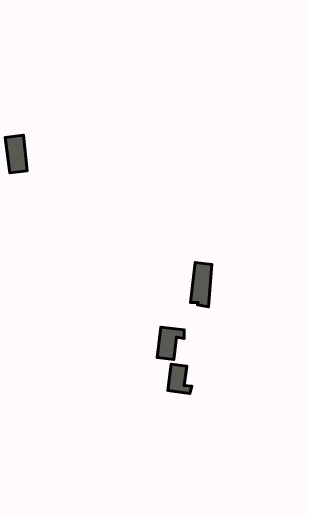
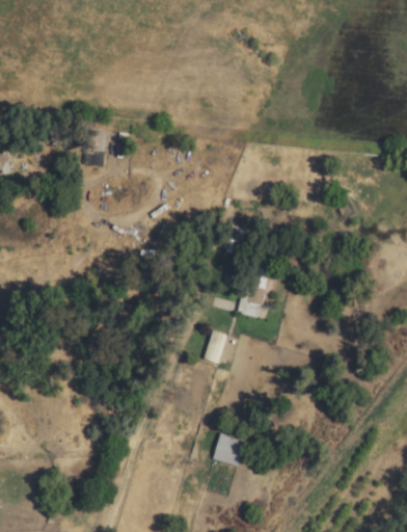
building: [168,364,192,394] -> none
building: none -> [213,432,245,466]

